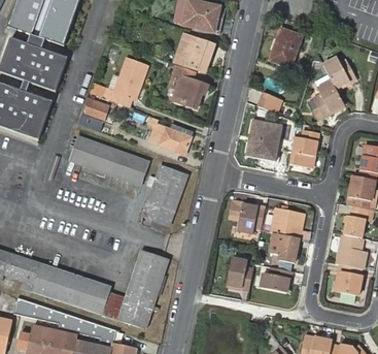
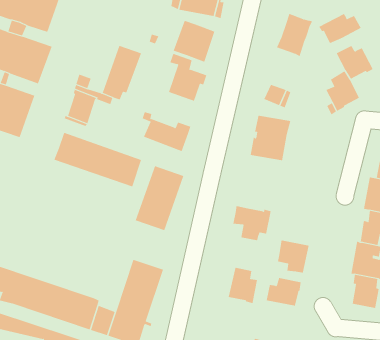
building: none -> [319,13,362,44]
building: [288,130,317,168] -> none
building: [271,208,304,237] -> none

